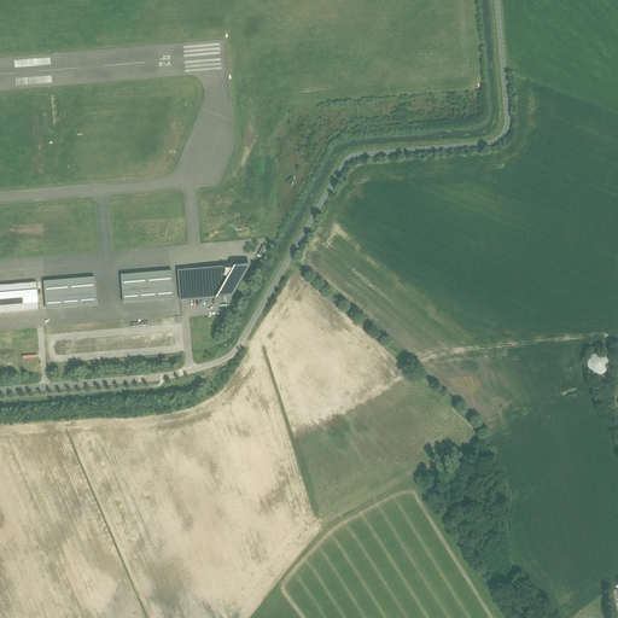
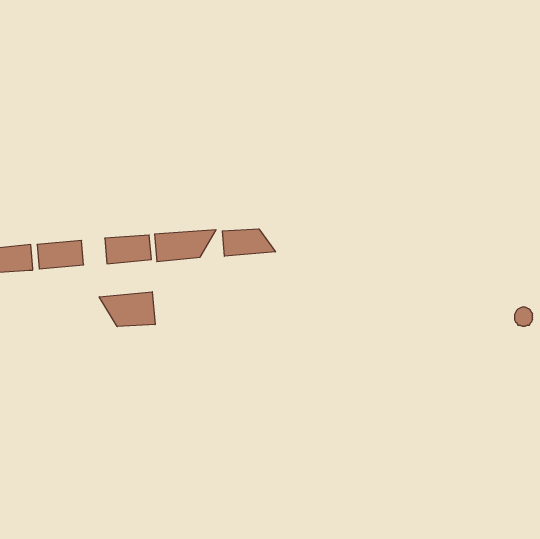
building: none -> [222,229,275,256]
building: none -> [99,292,155,327]

